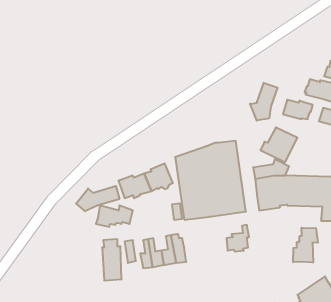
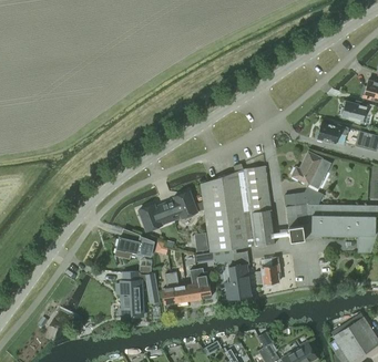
building: [250,83,278,121] -> none
building: [76,186,119,211] -> none
building: none -> [224,251,252,299]
building: [293,228,318,263] -> none

